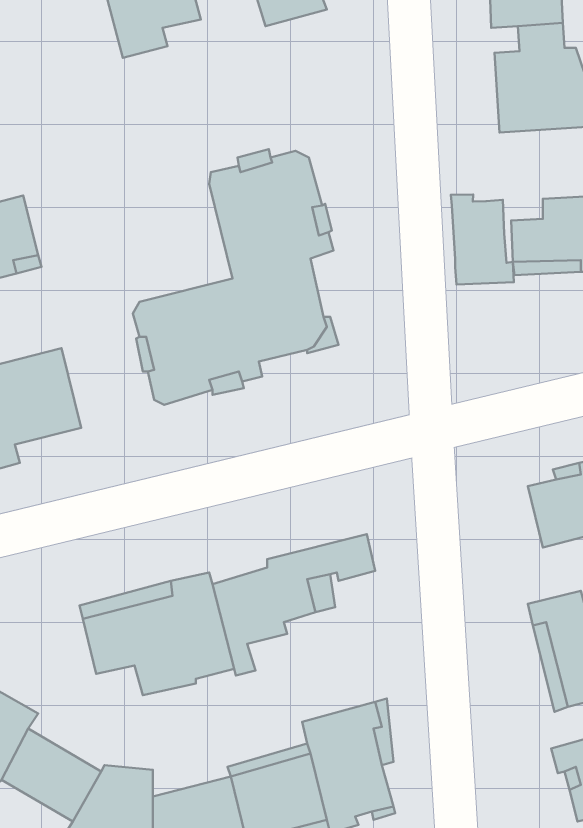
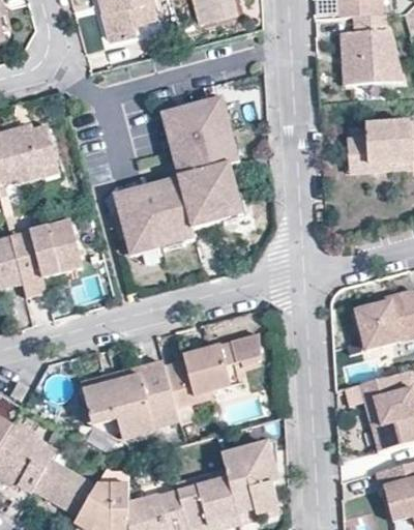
building: [451,194,514,285] -> none

